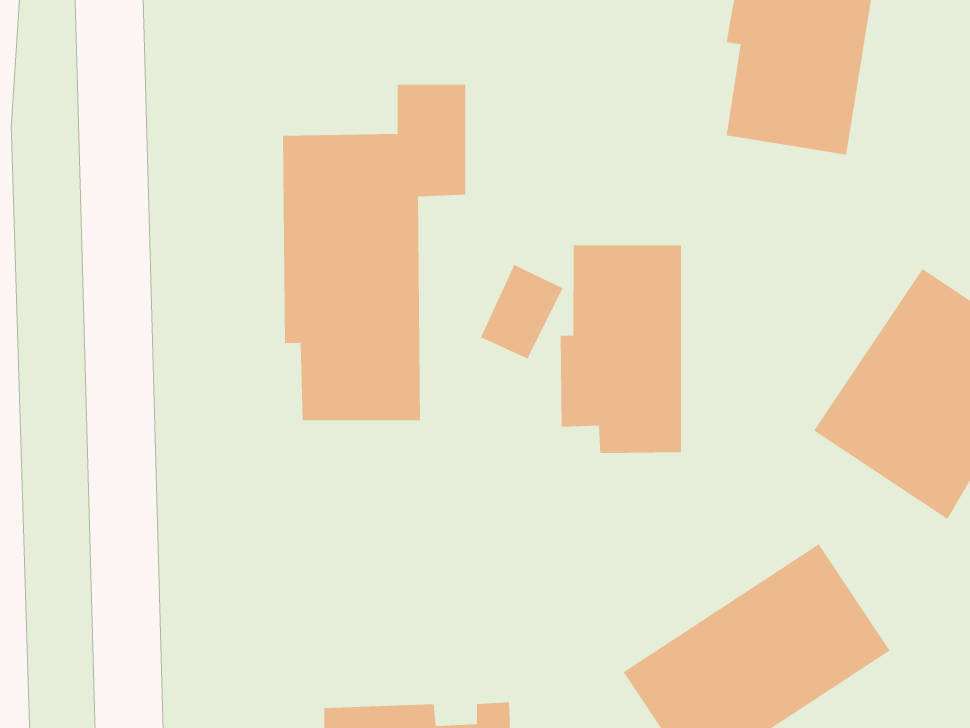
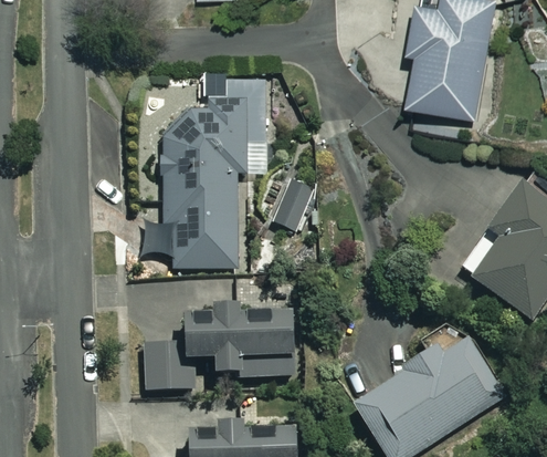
building: [560,244,681,454] -> none
building: none -> [144,305,295,390]

